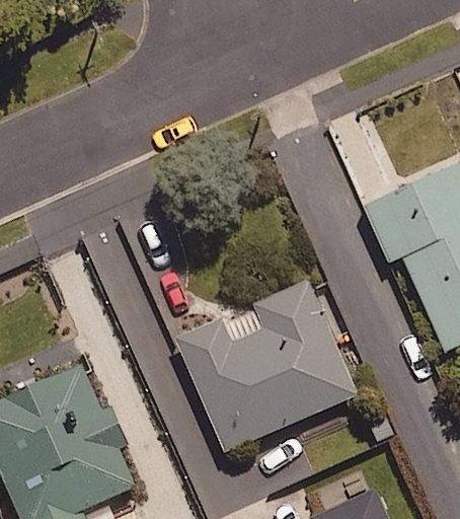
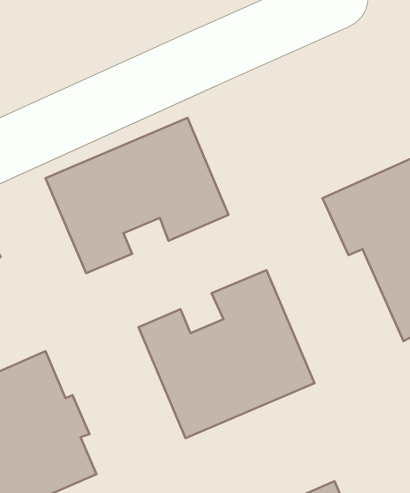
building: none -> [45,118,229,273]

